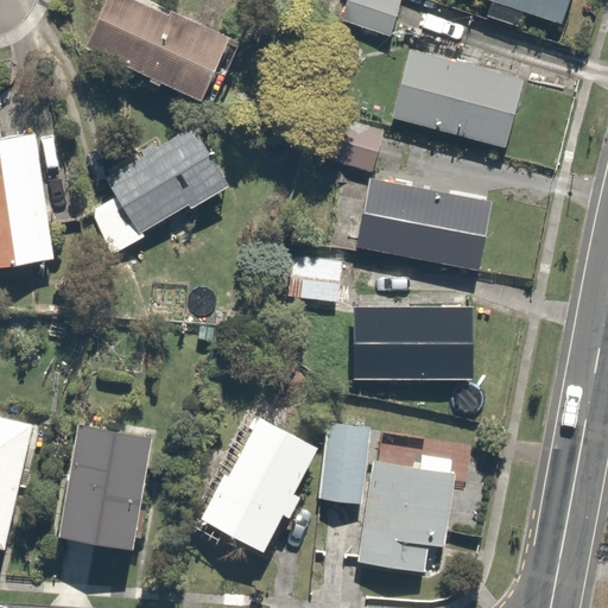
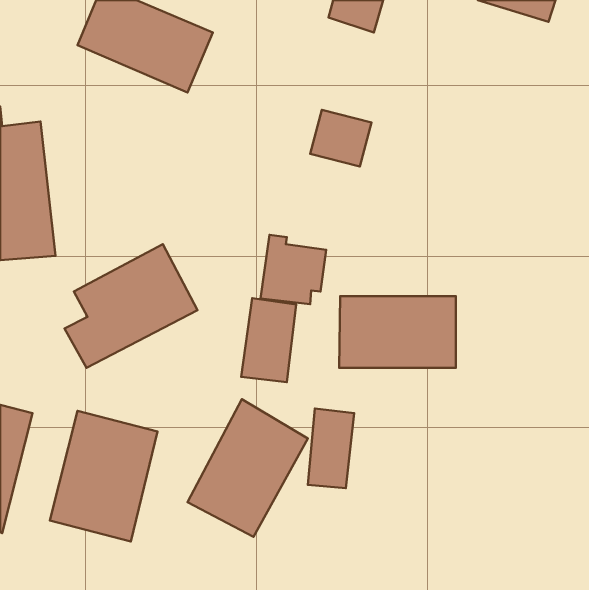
building: [391,52,525,150] -> none
building: [93,124,229,251] -> [64,244,197,368]
building: [353,173,490,270] -> none
building: none -> [241,298,296,382]
building: [356,462,457,575] -> none

